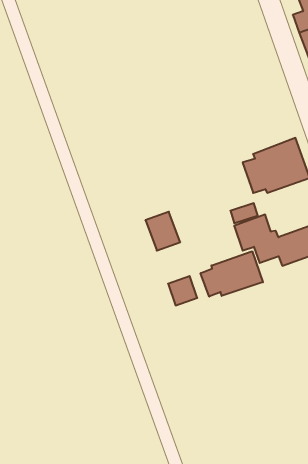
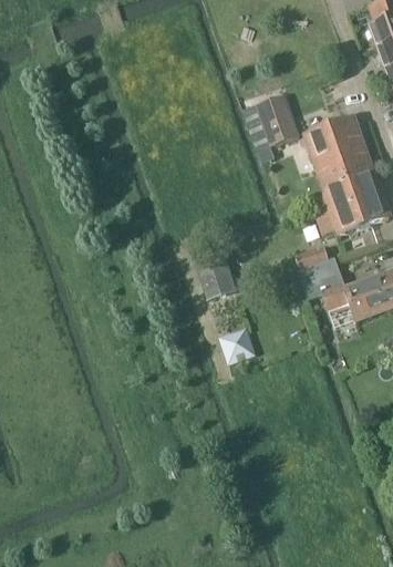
building: none -> [255,94,298,145]
building: none -> [303,115,372,187]
building: [201,251,263,297] -> none

